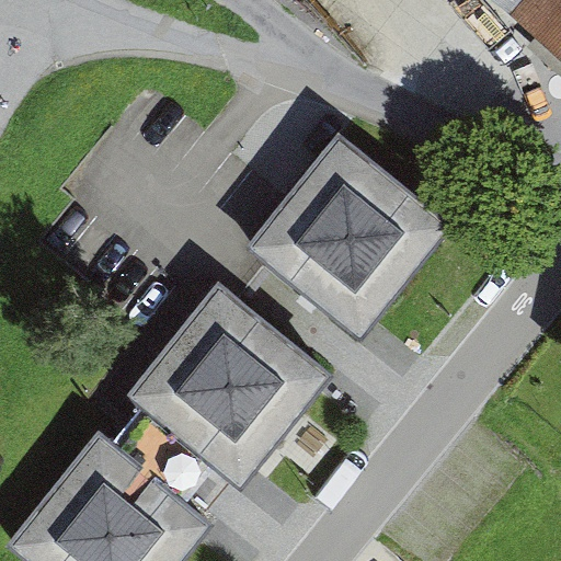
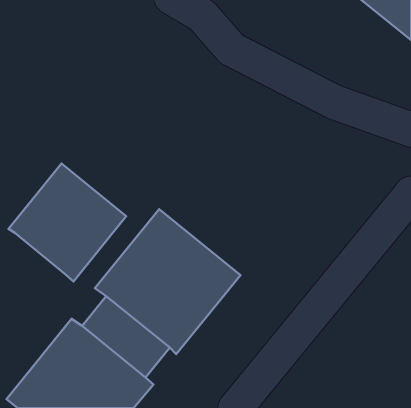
building: [251,138,448,334] -> none
building: none -> [9,164,126,282]

